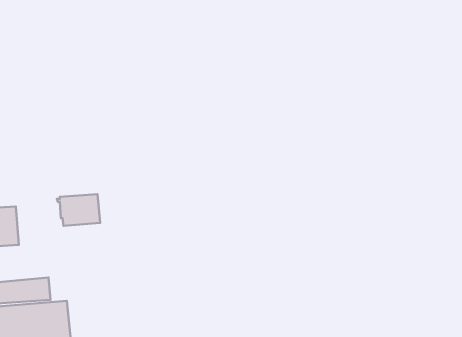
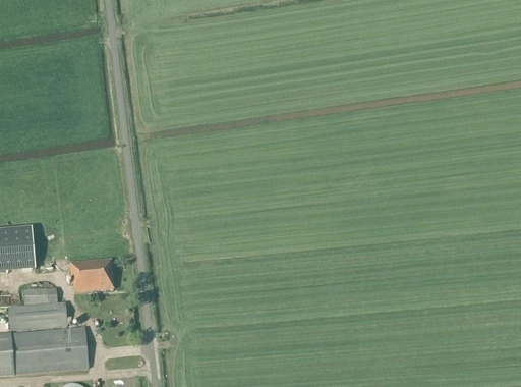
building: [57,194,100,226] -> [67,259,113,292]
building: none -> [22,286,59,305]

